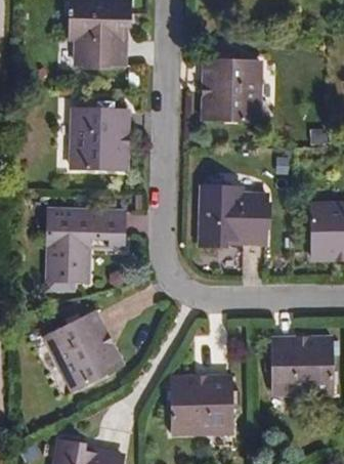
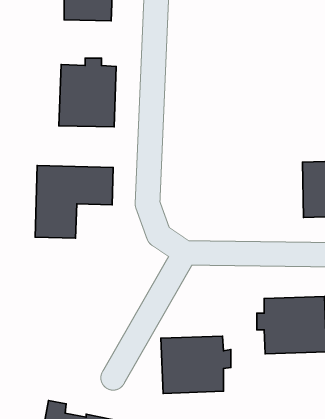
building: [204,52,258,121] -> none
building: [200,185,265,245] -> none
building: [45,310,122,390] -> none

